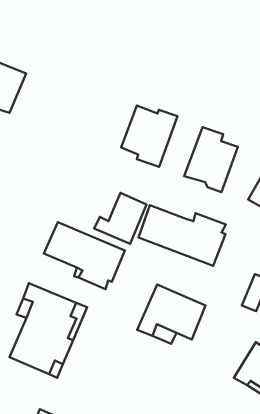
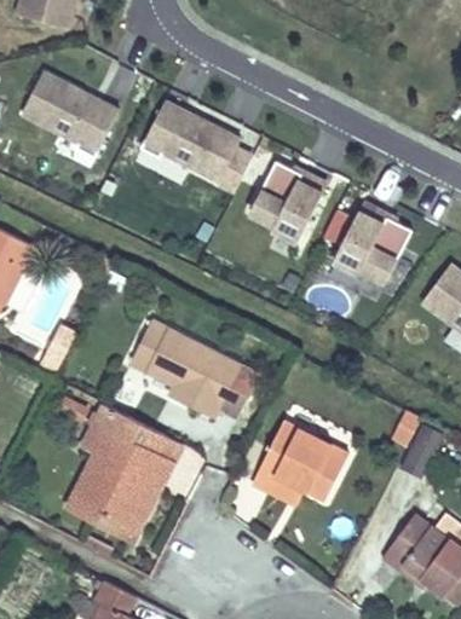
building: none -> [140,100,244,185]
building: [94,193,146,244] -> none
building: [138,205,226,266] -> none

